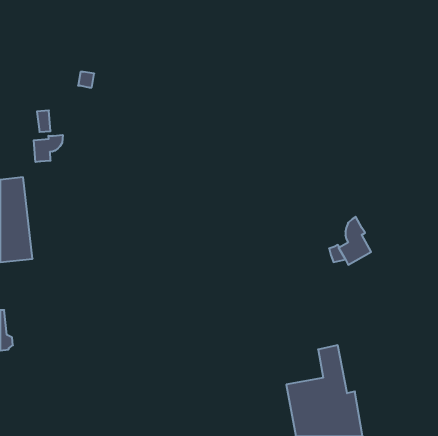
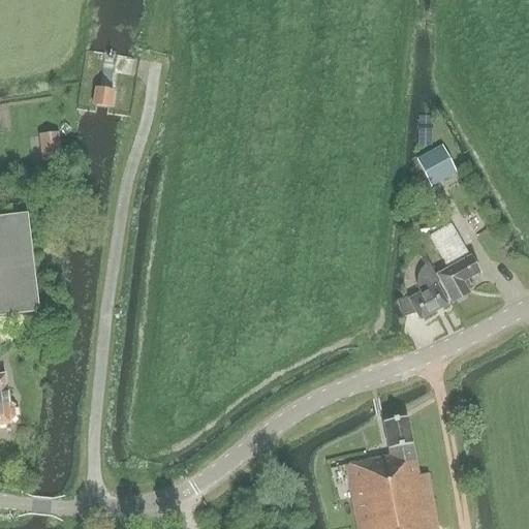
building: none -> [416,145,457,187]
building: [34,135,63,162] -> none
building: none -> [430,223,478,302]

